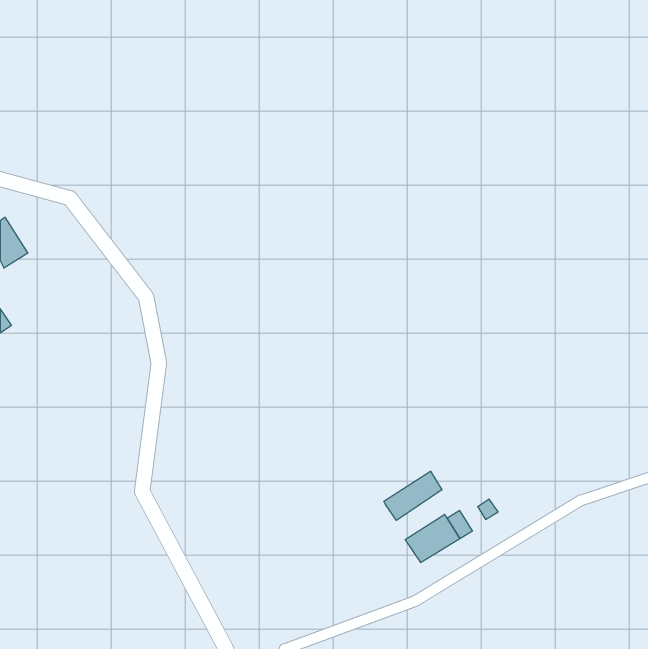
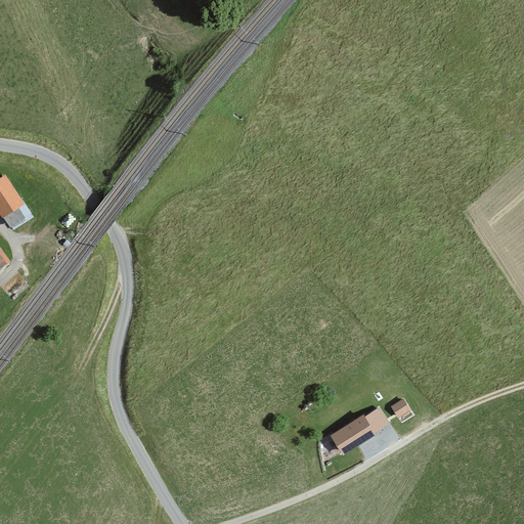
building: [384,471,442,520] -> none

